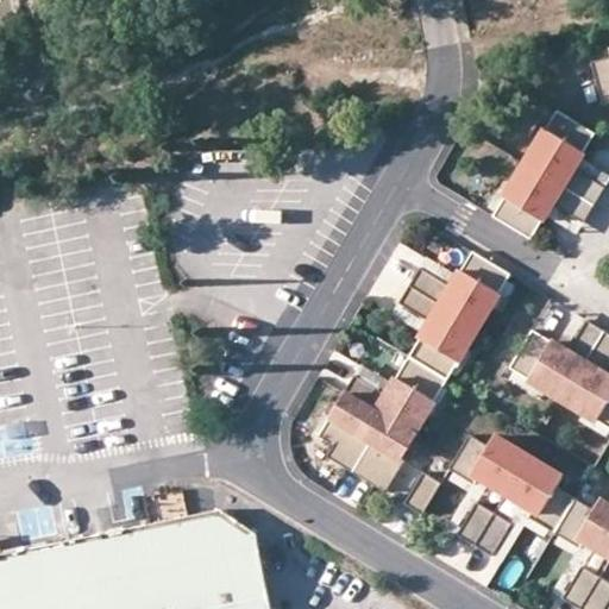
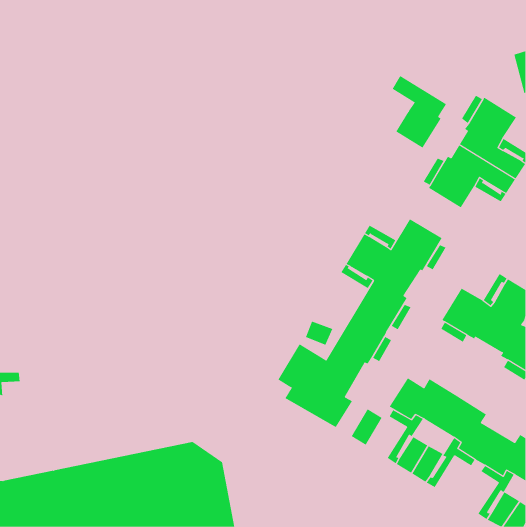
building: none -> [392,75,447,149]

